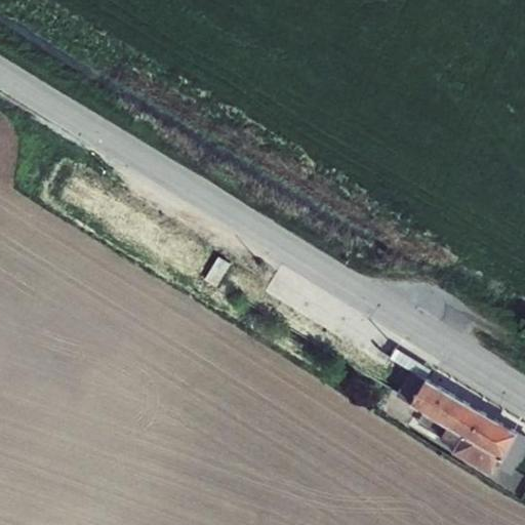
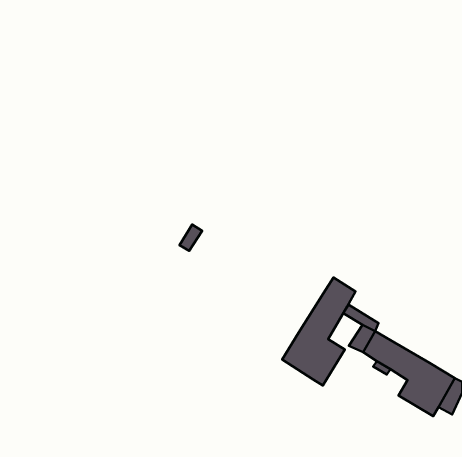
building: none -> [282,277,355,385]

